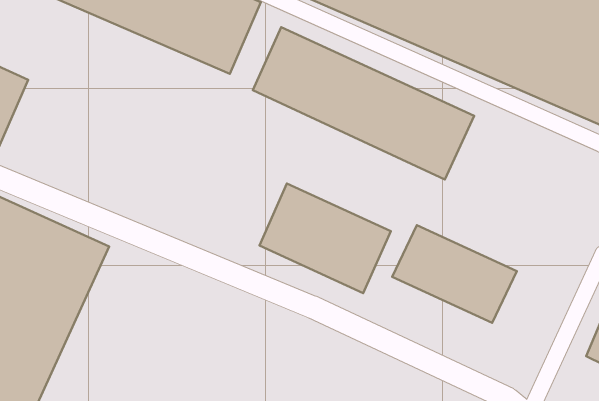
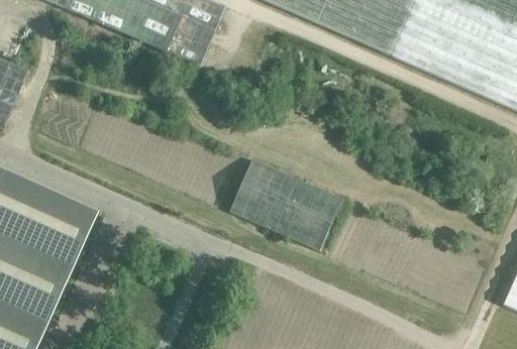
building: [253,27,474,179] -> none
building: [392,225,517,323] -> none

